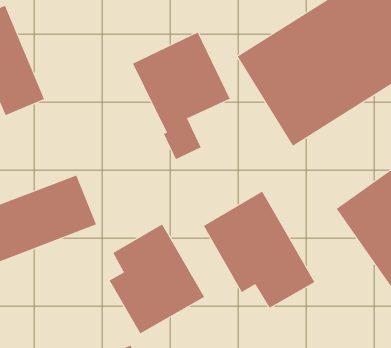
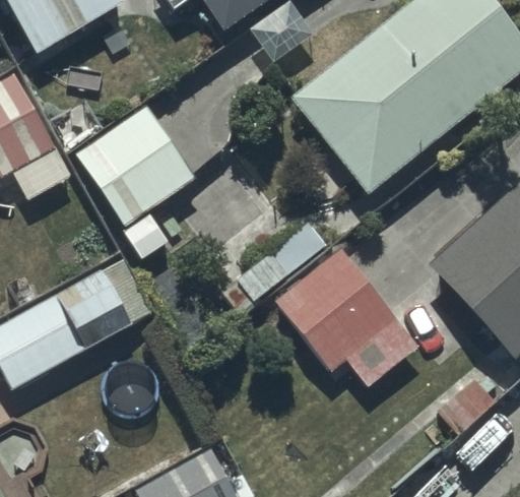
building: [132,32,231,160] -> [75,106,195,258]
building: [109,223,205,334] -> none

